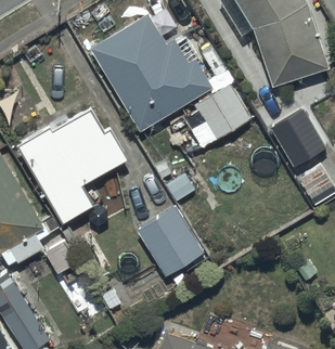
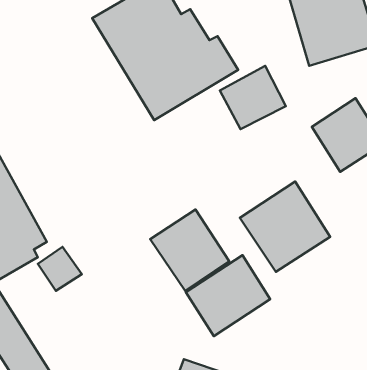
building: [15,108,125,223] -> none
building: none -> [240,182,330,272]
building: none -> [186,255,270,336]

